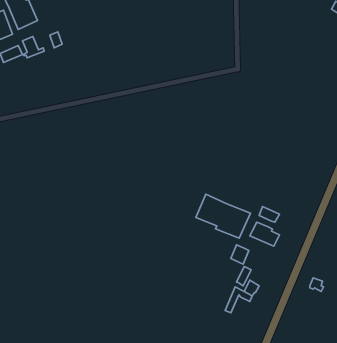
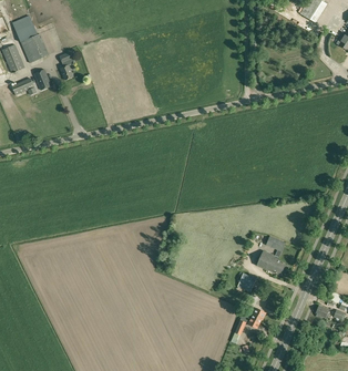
building: [196,194,250,238] -> none

